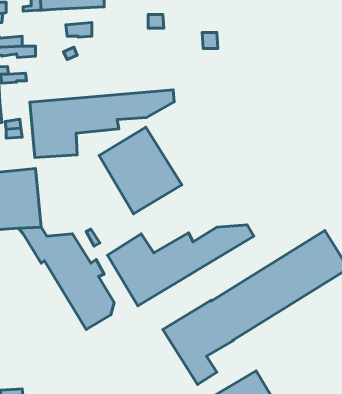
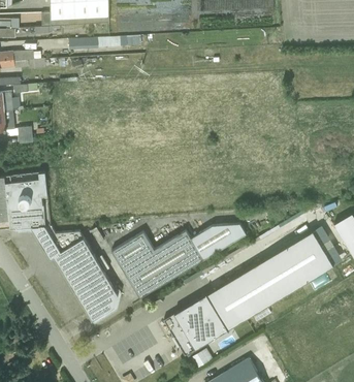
building: [30,90,174,158] -> none
building: [99,127,182,214] -> none

